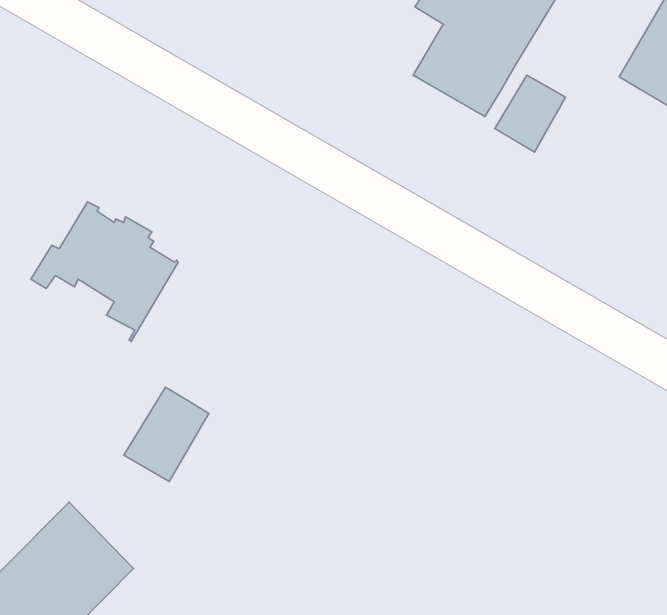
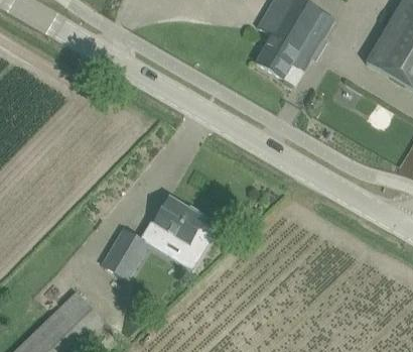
building: [495,75,565,152] -> none
building: [31,202,178,342] -> [139,196,218,270]

